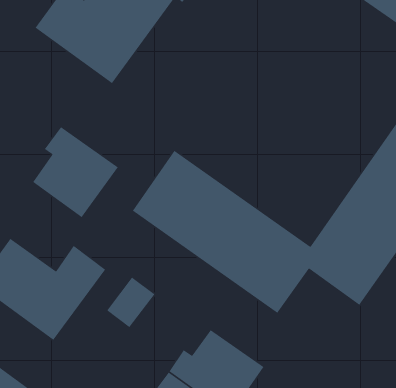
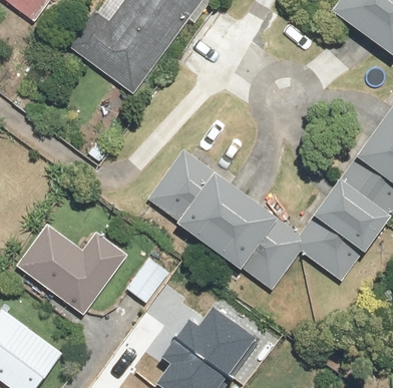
building: [32,126,119,218] -> none

